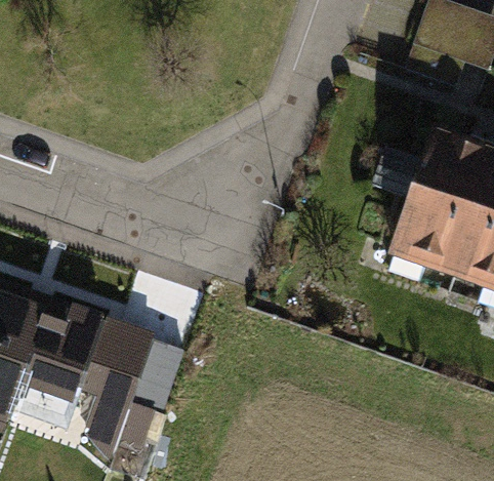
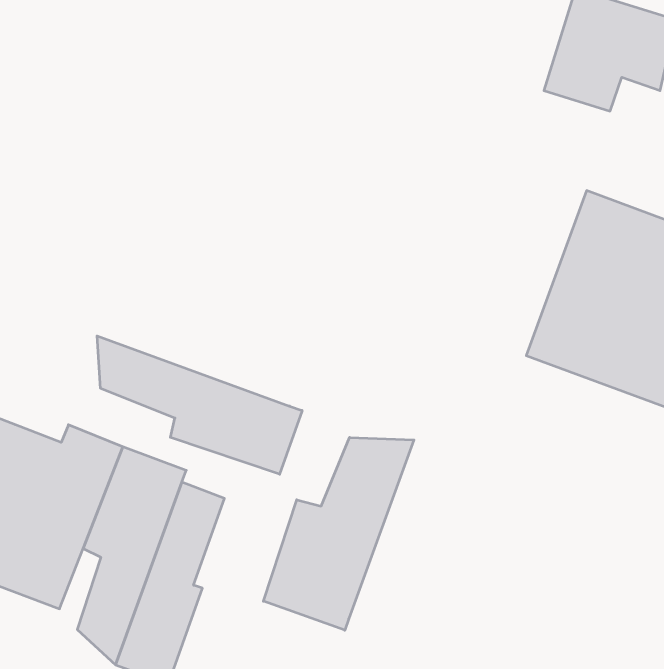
building: none -> [97,336,302,474]
building: none -> [263,437,414,630]

